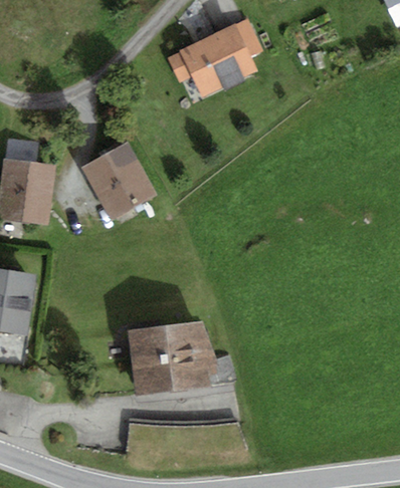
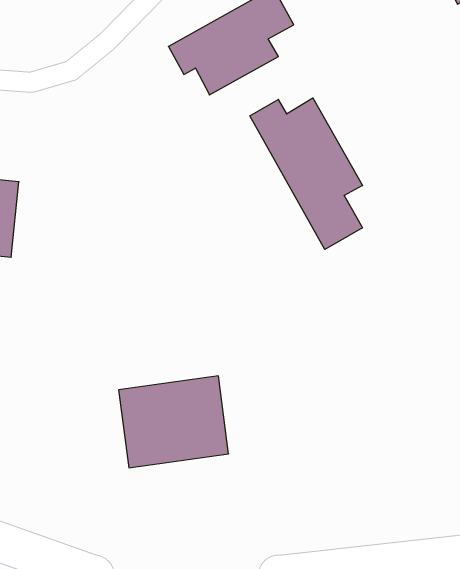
building: none -> [250,98,363,249]
building: [83,140,157,217] -> none

